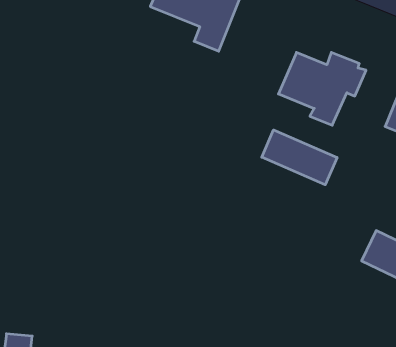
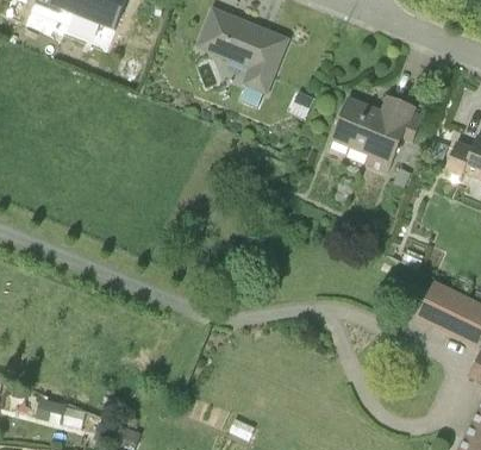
building: [262,130,337,185] -> none

